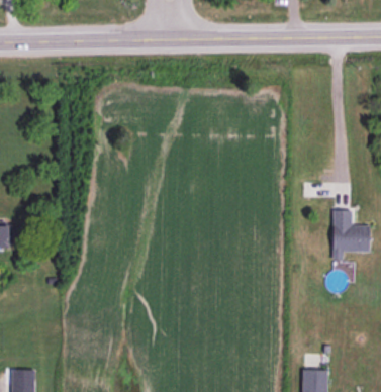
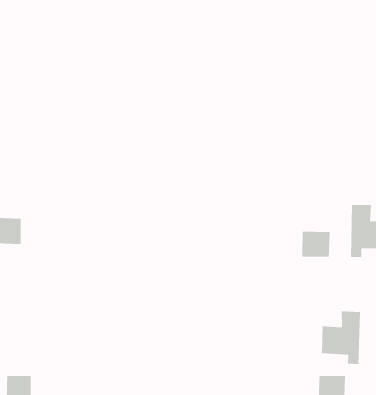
building: none -> [302,231,330,258]
building: none -> [322,310,360,365]

